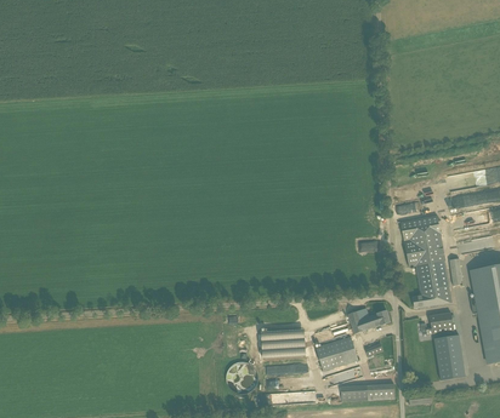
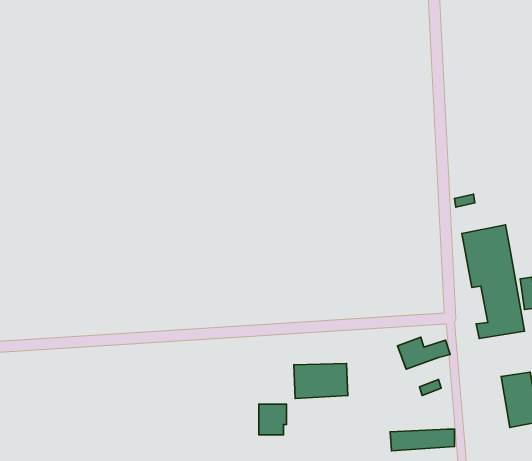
building: [314,336,357,370] -> none

